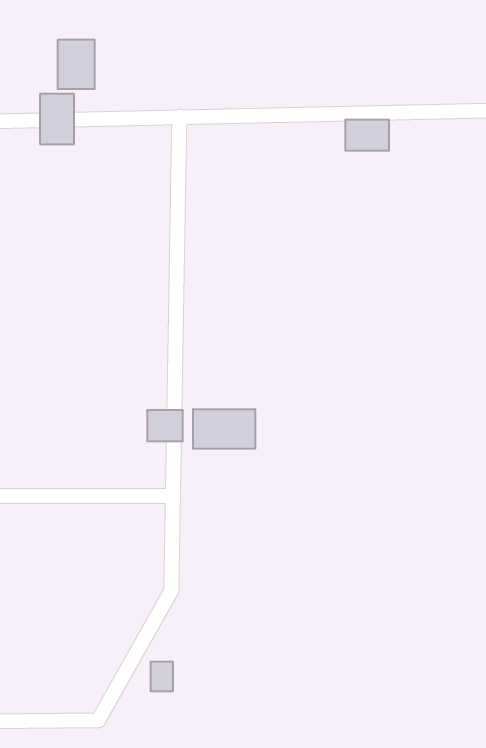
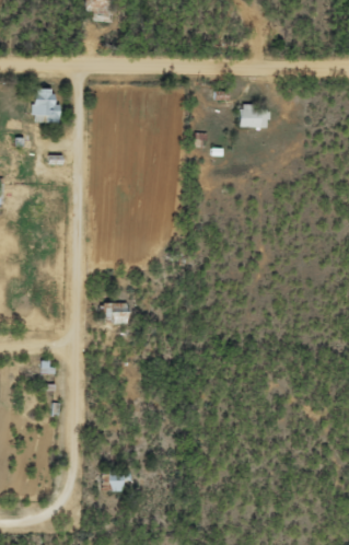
building: [58,40,95,89] -> none
building: [193,409,255,449] -> none

